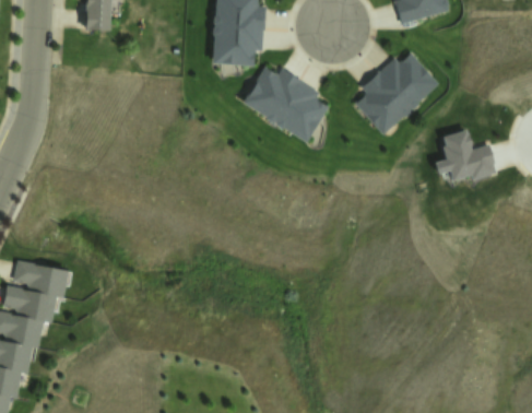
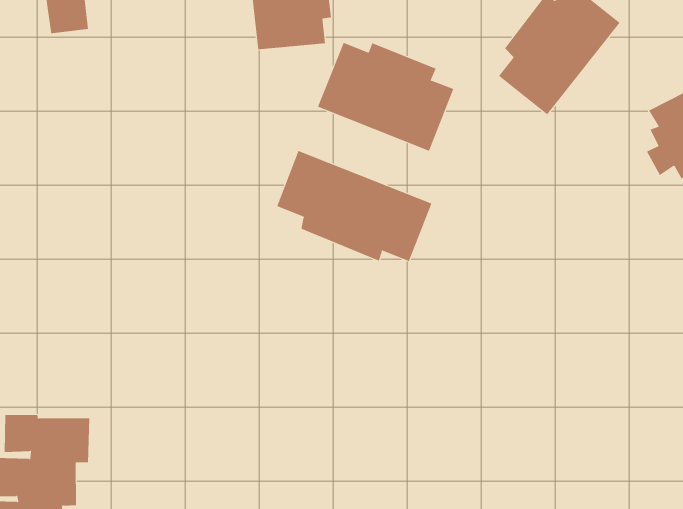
building: none -> [276,150,432,262]

